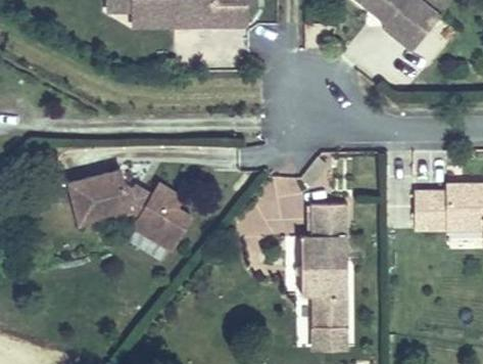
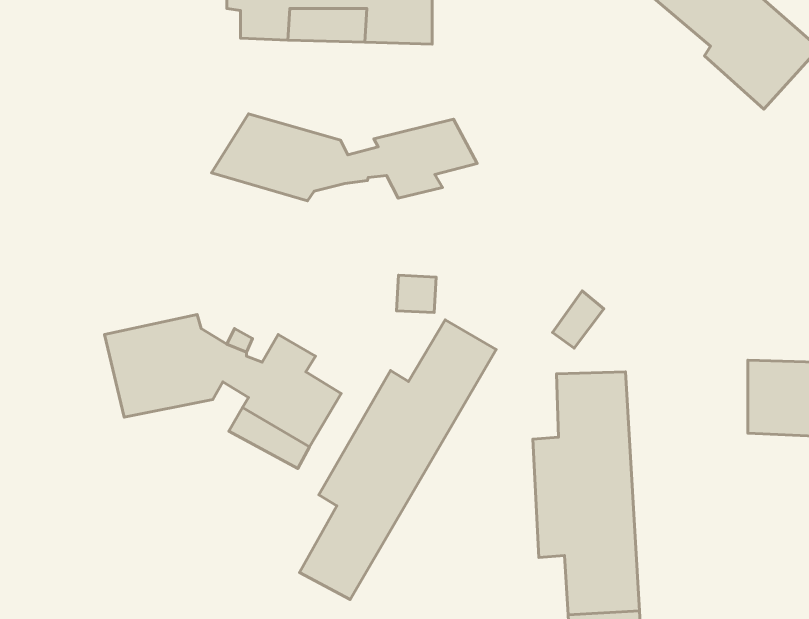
building: none -> [212,114,477,201]
building: none -> [300,320,496,599]

